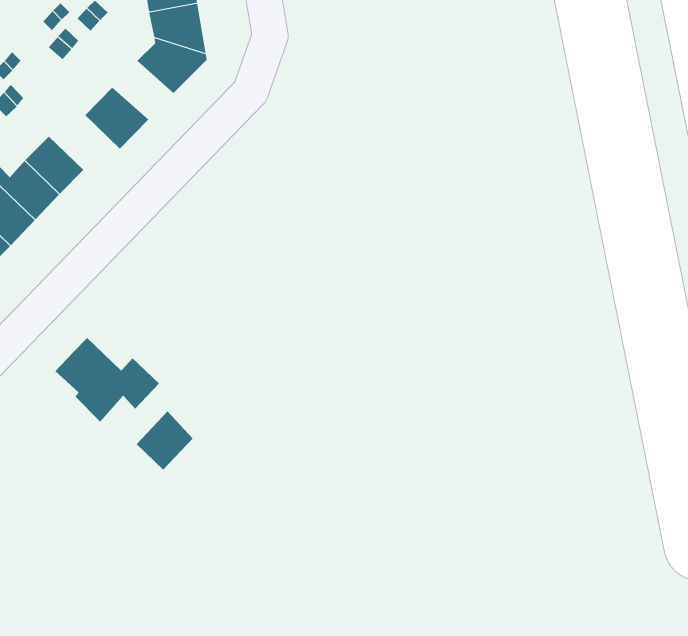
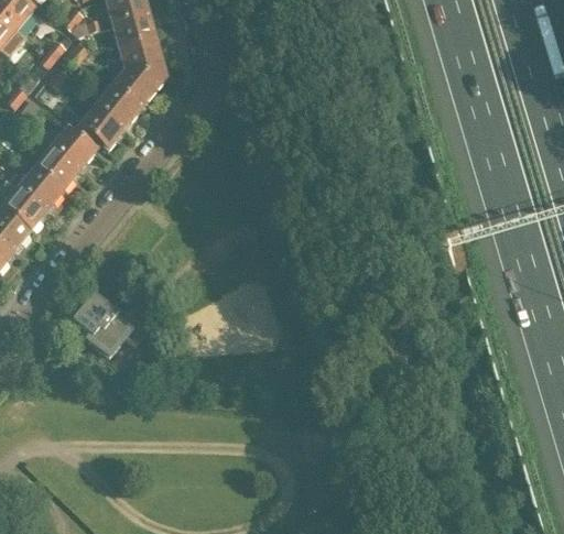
building: none -> [96,84,142,127]
building: none -> [52,127,96,168]
building: [136,411,194,471] -> none

